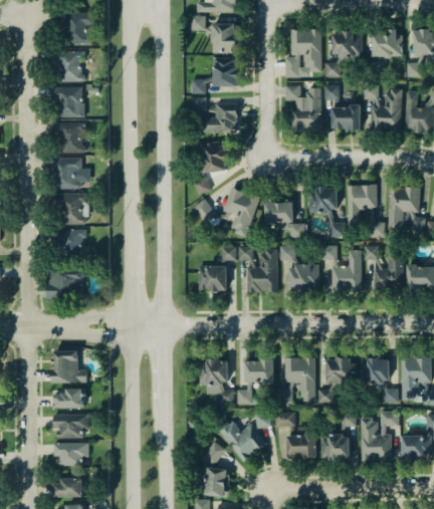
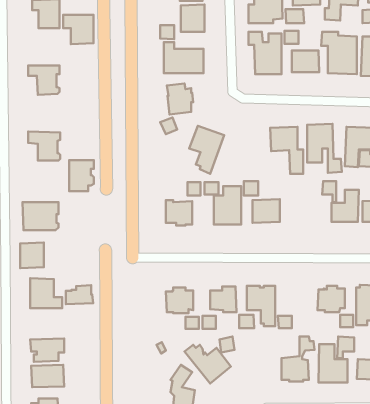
building: [52,87,84,118] -> [63,15,93,44]
building: [52,158,80,189] -> none
building: [192,199,221,230] -> none
building: [266,204,307,238] -> none
building: [59,229,85,262] -> [69,160,94,191]
building: [322,246,362,291] -> none
building: none -> [20,243,44,268]
building: [325,356,356,384] -> none
building: [55,387,84,407] -> [66,285,93,304]
building: [275,412,317,460] -> none

